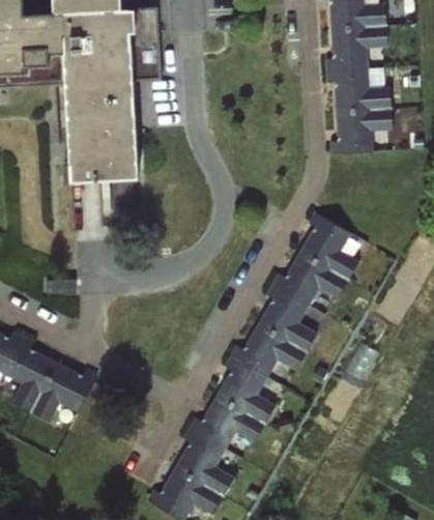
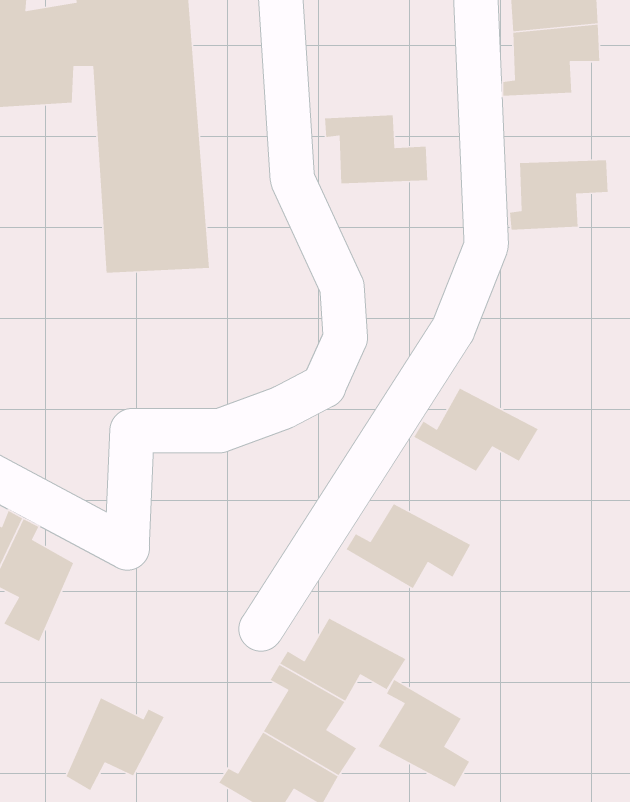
building: [324,67,389,111] -> [324,115,428,184]
building: [297,212,356,278] -> none
building: [256,283,315,350] -> none
building: [215,353,273,422] -> [377,679,470,788]
building: [34,362,96,421] -> [66,697,165,791]

